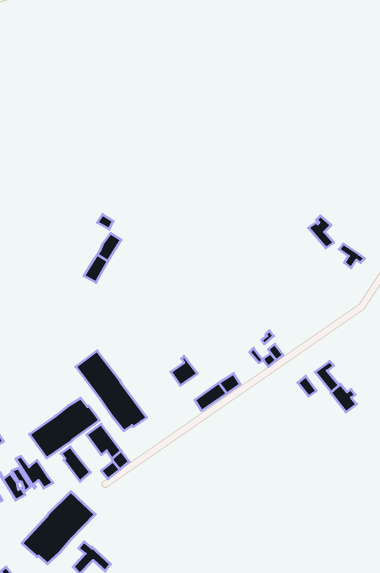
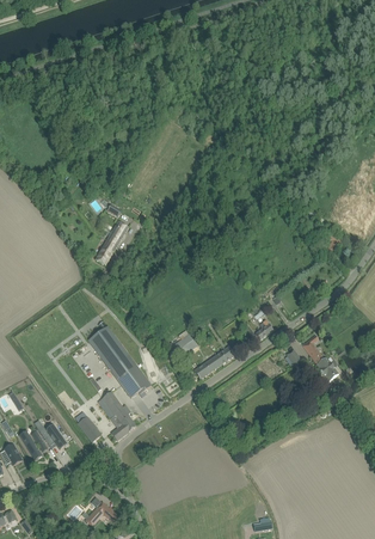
building: [29,398,99,458] -> none
building: [22,492,95,564] -> none

